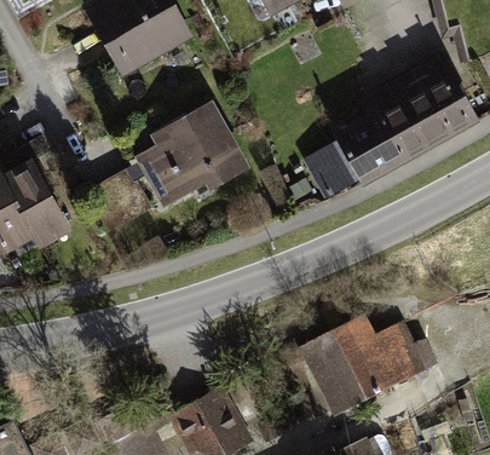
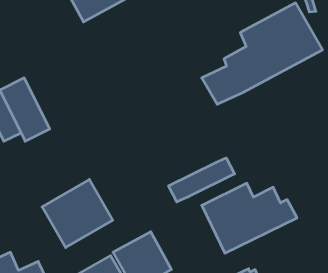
building: [136,102,247,208] -> none
building: none -> [169,158,235,202]
building: none -> [42,179,113,248]

